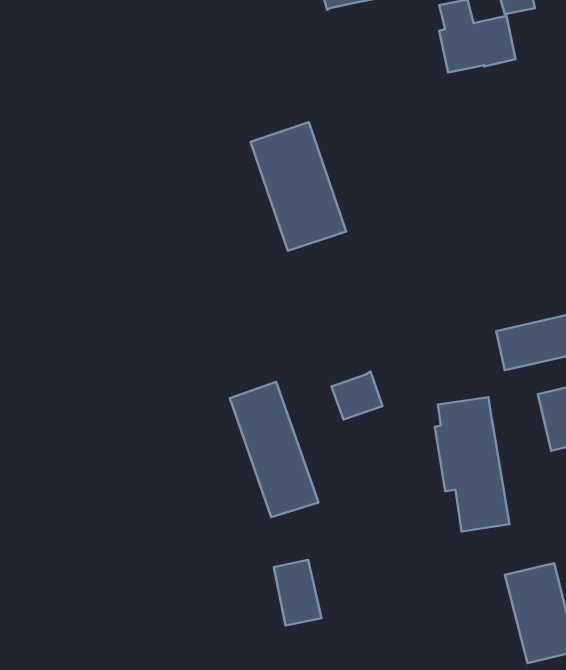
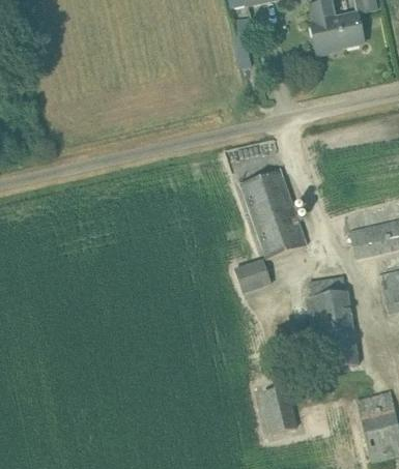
building: [251,122,346,251] -> [239,170,306,259]
building: [230,382,318,517] -> none
building: [274,560,322,626] -> [263,387,296,433]

